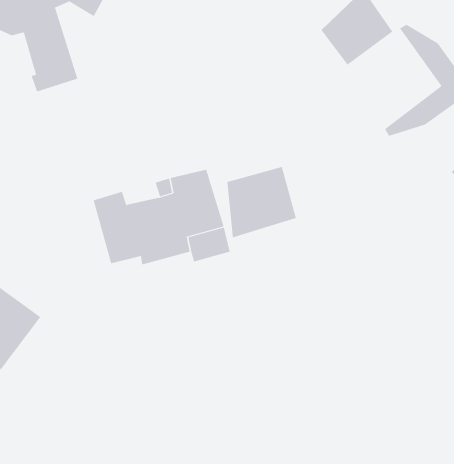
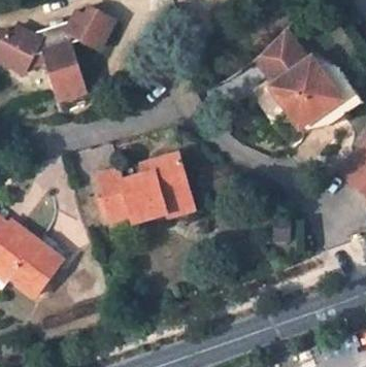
building: none -> [271,57,340,127]
building: [227,166,297,238] -> none

